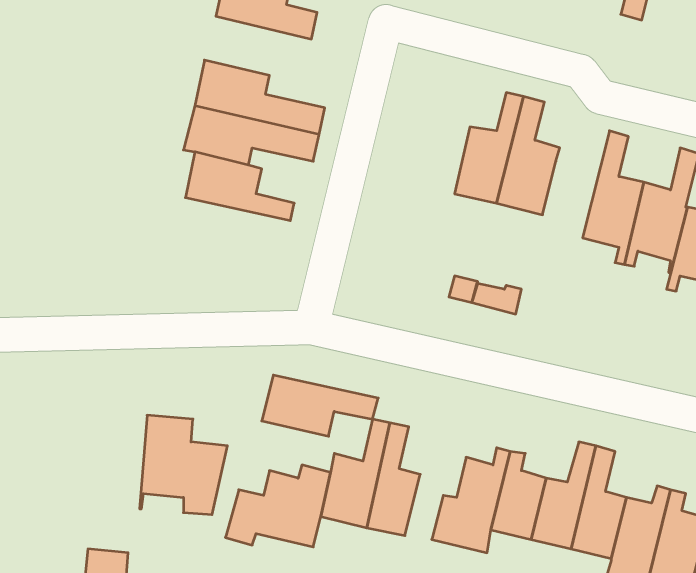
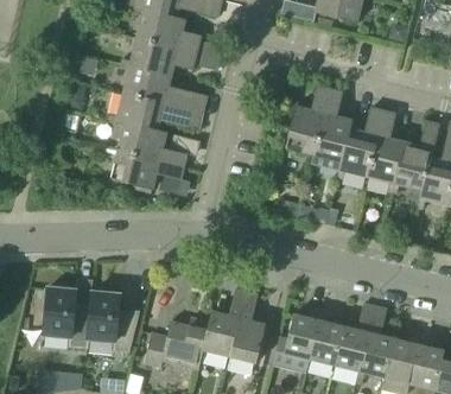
building: none -> [131,39,197,76]
building: none -> [337,108,382,180]
building: [262,375,378,436] -> [112,152,184,190]
building: none -> [45,284,95,345]

